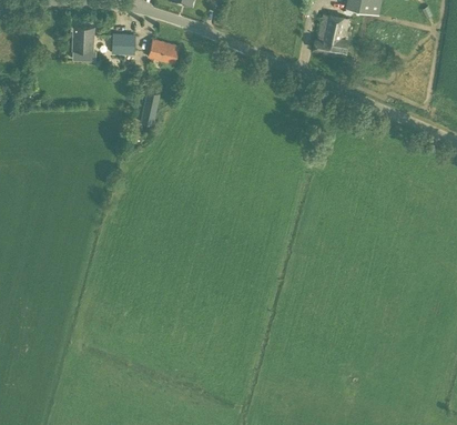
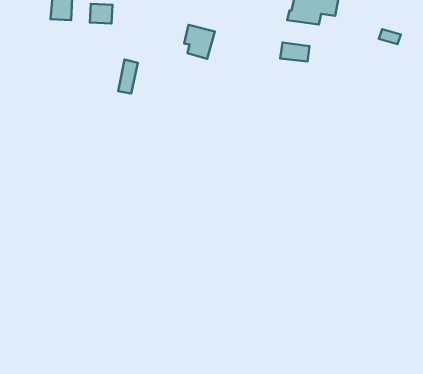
building: [148,39,179,73] -> [184,25,215,59]
building: none -> [280,42,310,61]

